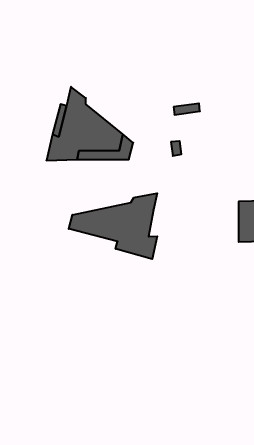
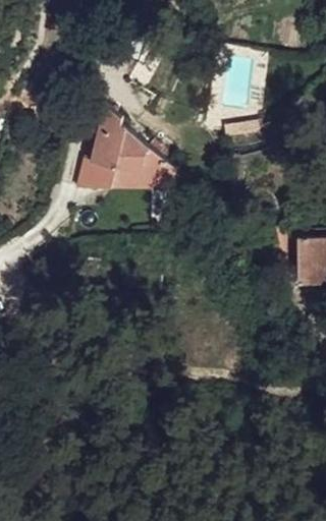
building: [69,193,157,259] -> none

